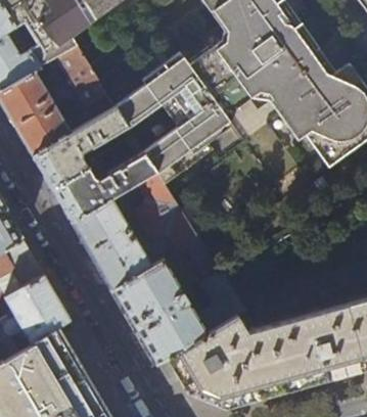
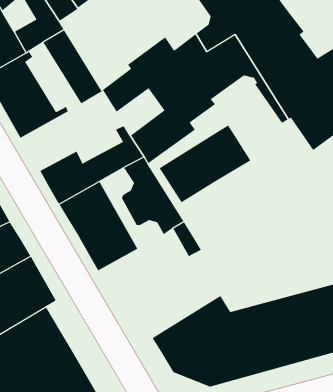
building: [32,108,137,189] -> none
building: none -> [159,125,251,203]
building: [110,261,242,364] -> none

